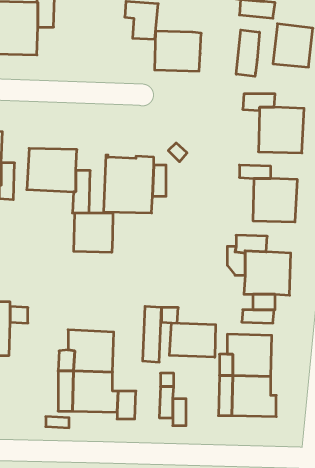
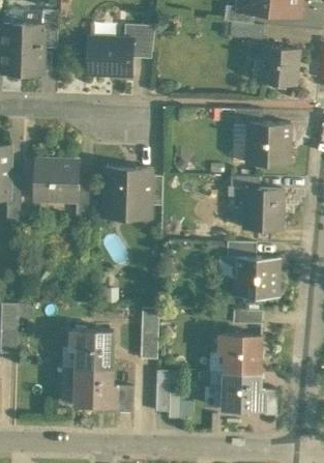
building: [236,30,259,76] -> none
building: [155,31,201,71] -> [89,37,132,75]
building: [74,213,113,252] -> none
building: [169,323,216,357] -> none

